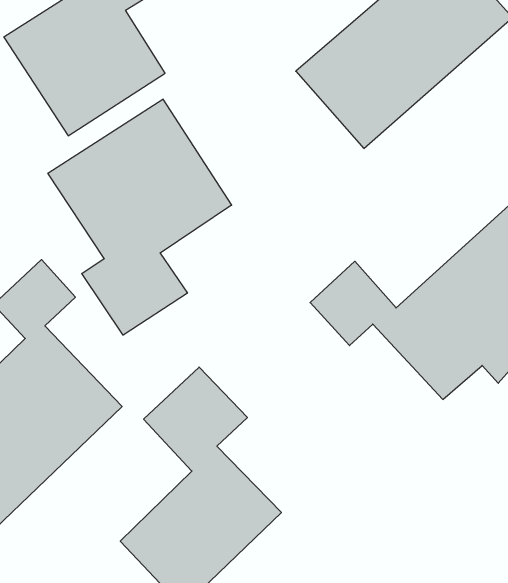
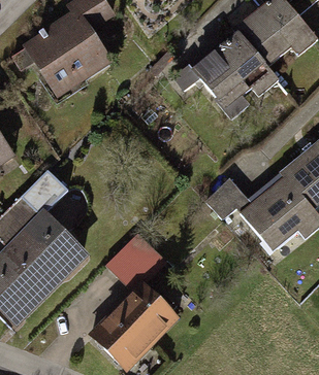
building: [48,99,232,335] -> none

